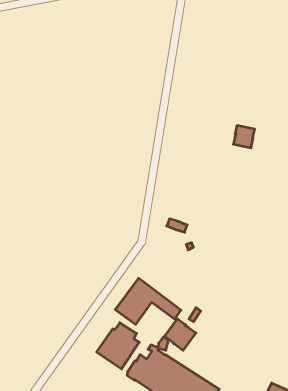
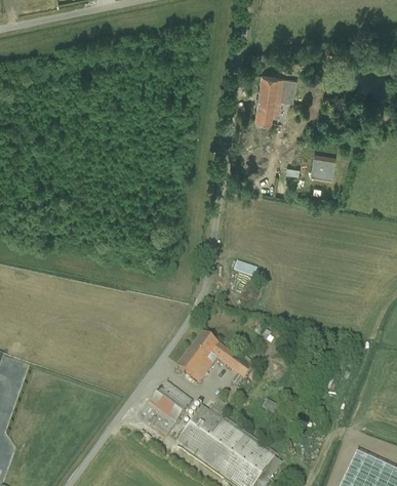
building: none -> [254,76,295,123]
building: [165,319,196,350] -> none

